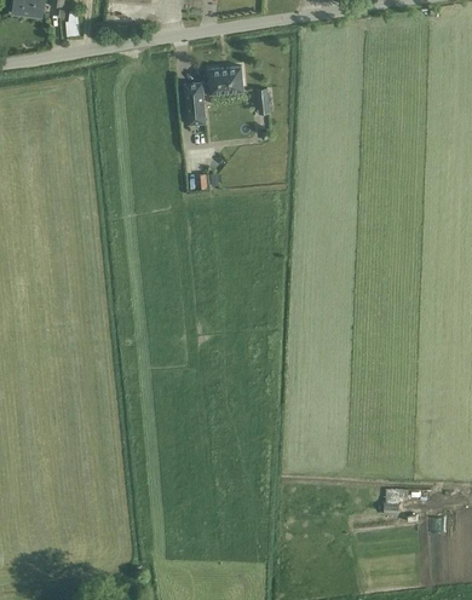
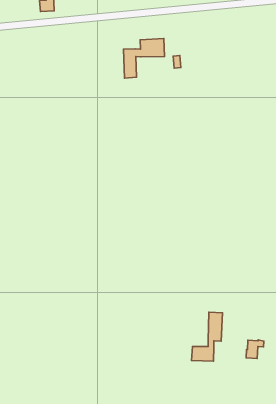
building: none -> [192,312,223,361]

